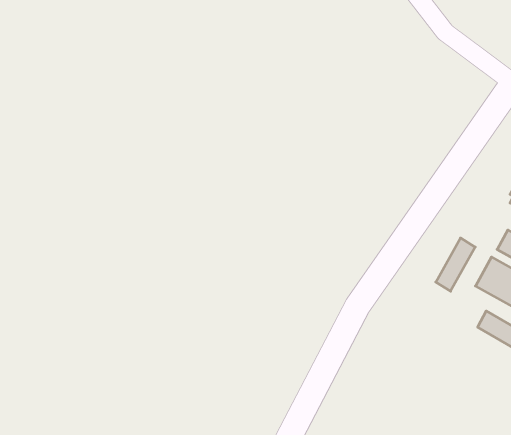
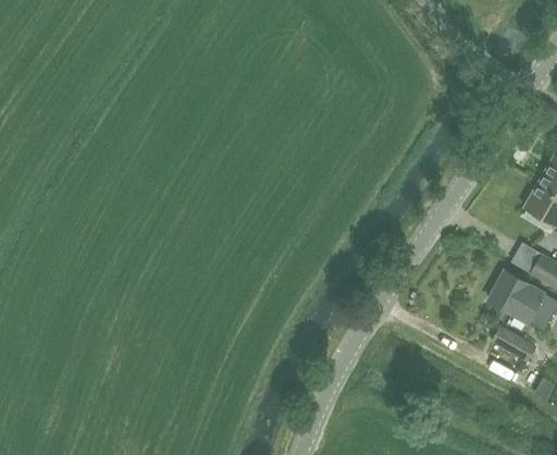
building: [436,238,475,291] -> none

